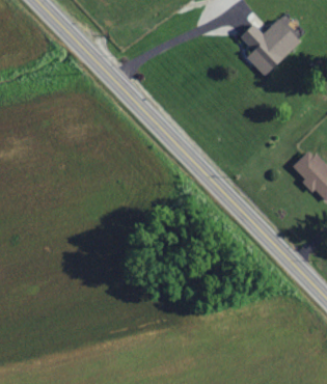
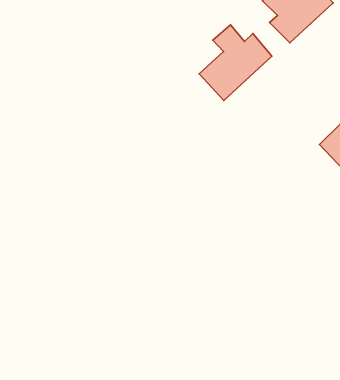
building: none -> [199,25,272,101]

